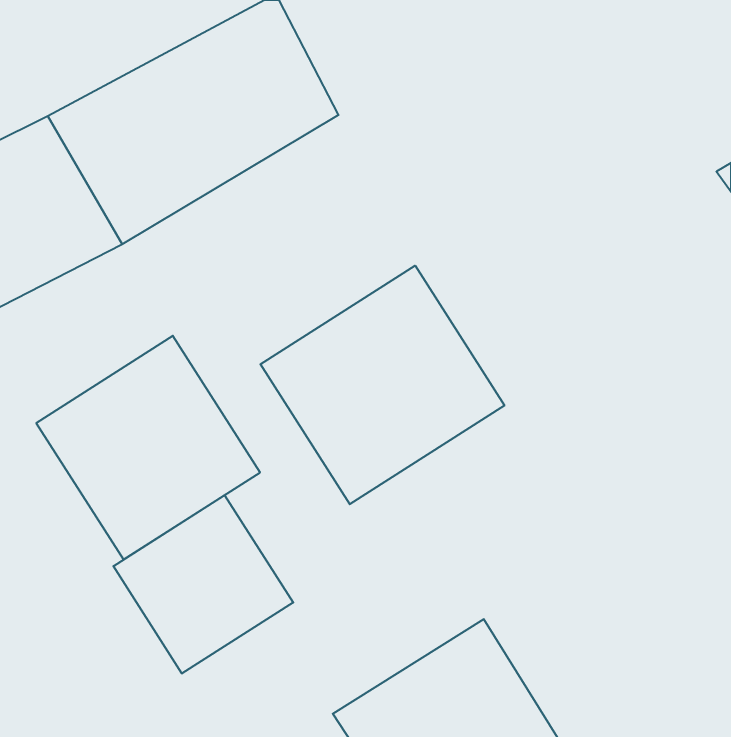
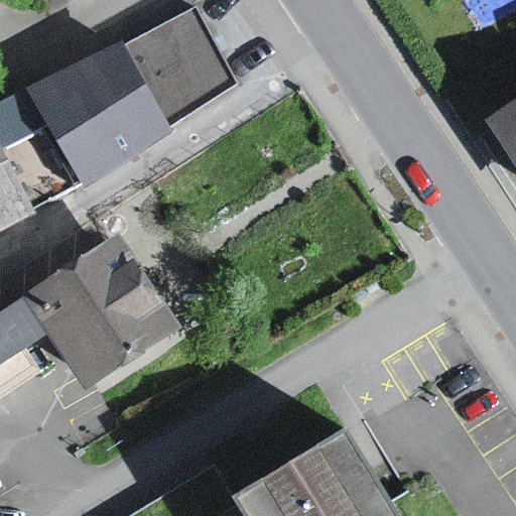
building: [260,266,504,504] -> none
building: [113,495,293,674] -> none

